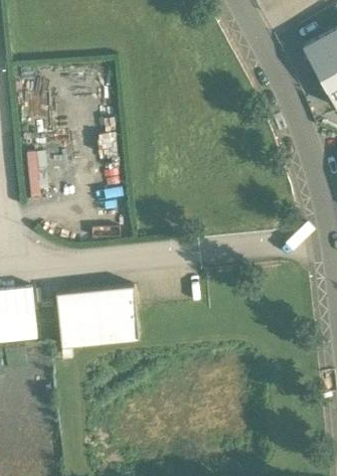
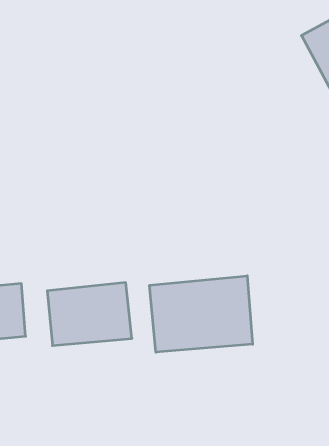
building: none -> [150,276,253,352]

